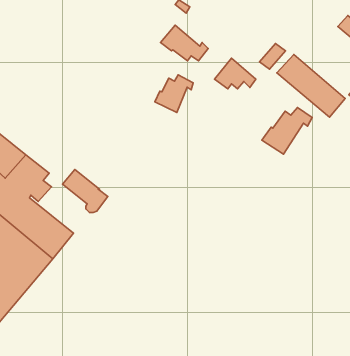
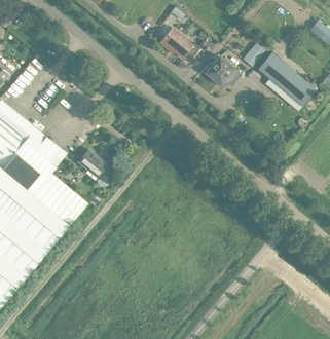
building: [155,75,193,112] -> none
building: [262,107,312,154] -> none

